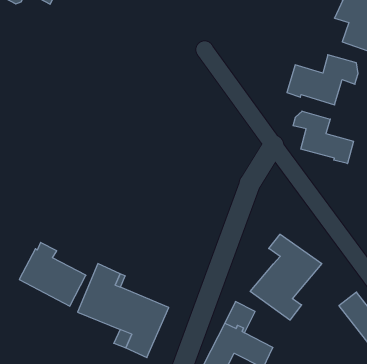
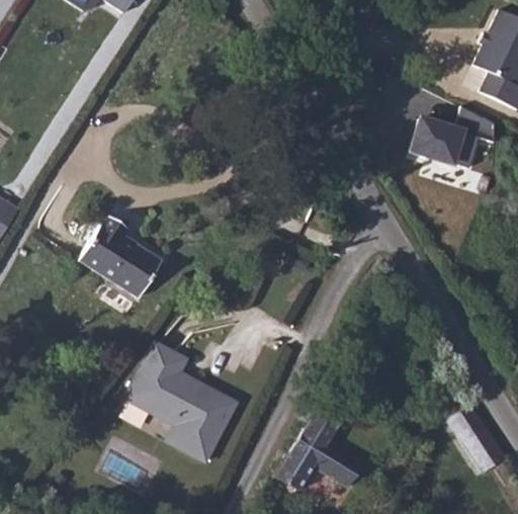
building: [293,111,353,164] -> none
building: [250,234,322,320] -> none
building: [19,242,86,306] -> [79,217,162,298]

